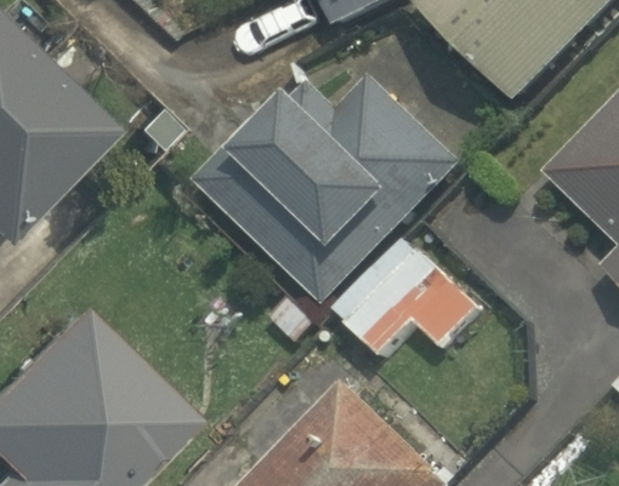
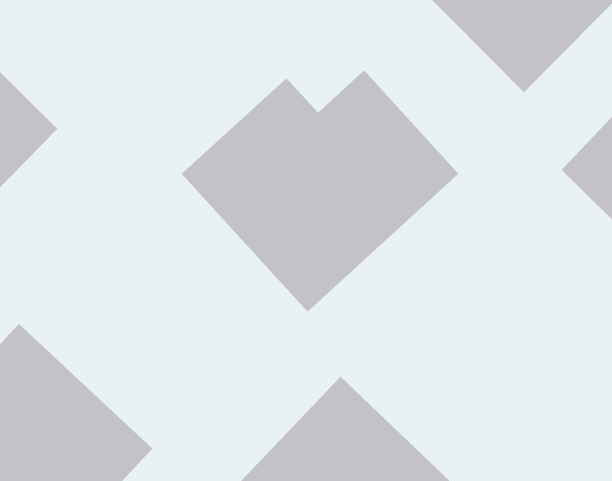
building: [330,231,485,361] -> none

